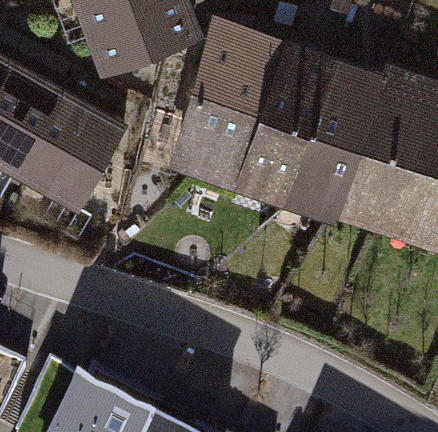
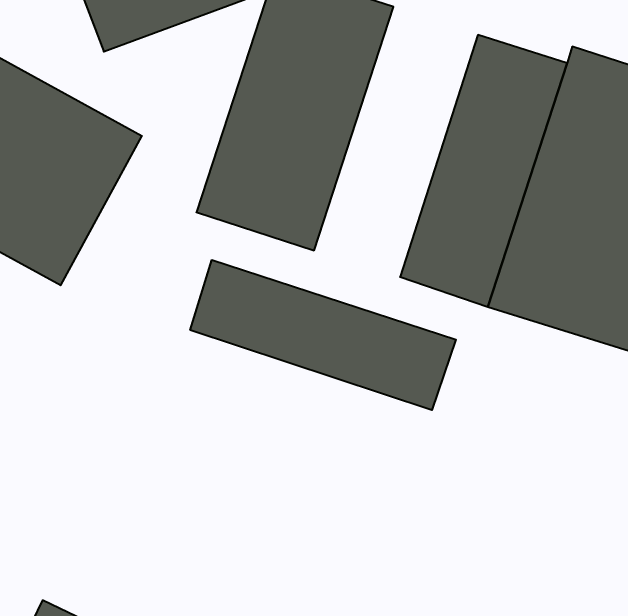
building: [231,40,330,203] -> none
building: none -> [190,260,456,410]

